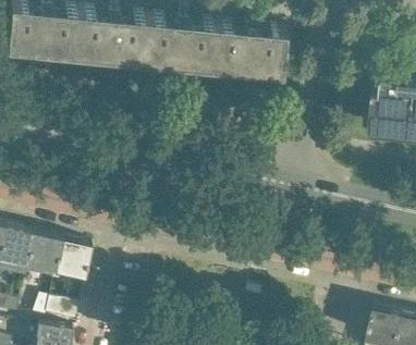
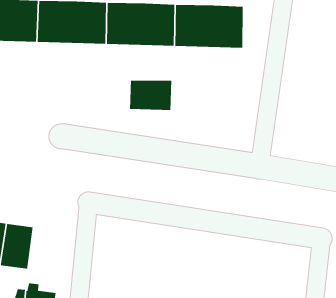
building: none -> [129,80,172,111]
building: [49,242,89,288] -> none

